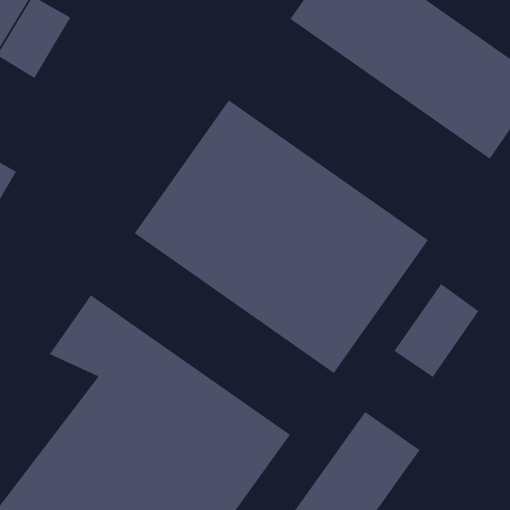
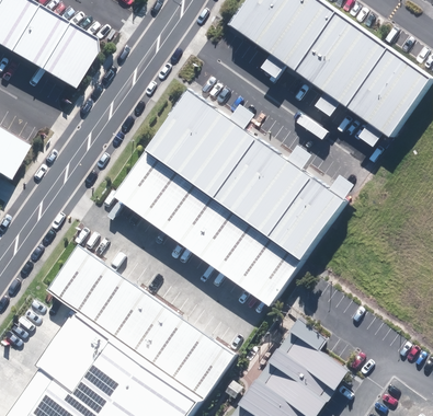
building: none -> [35,25,94,91]
building: [394,283,479,378] -> none

